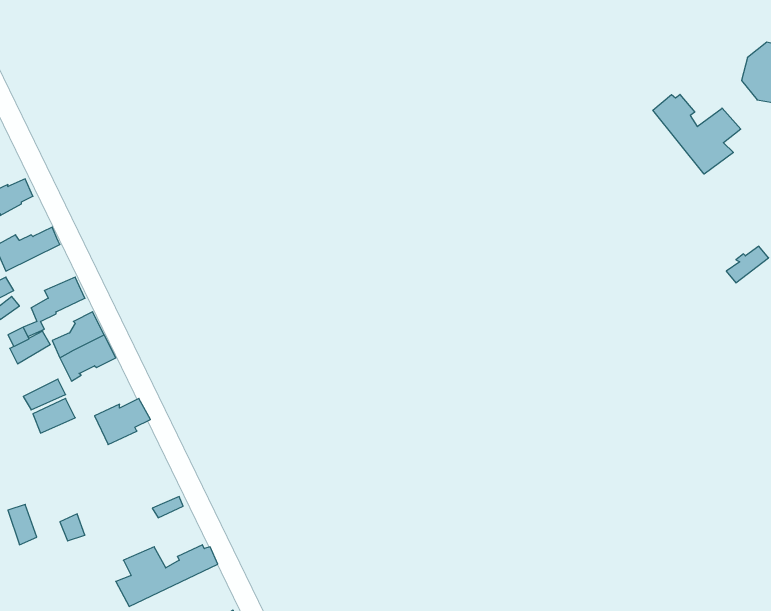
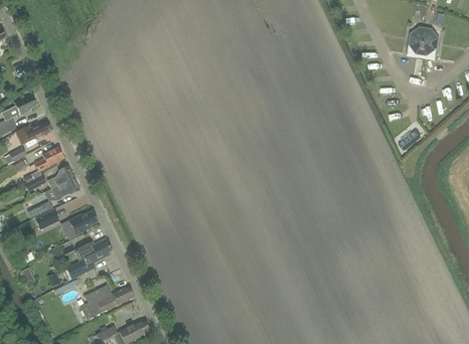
building: [653,94,741,174] -> none
building: none -> [65,239,111,279]

